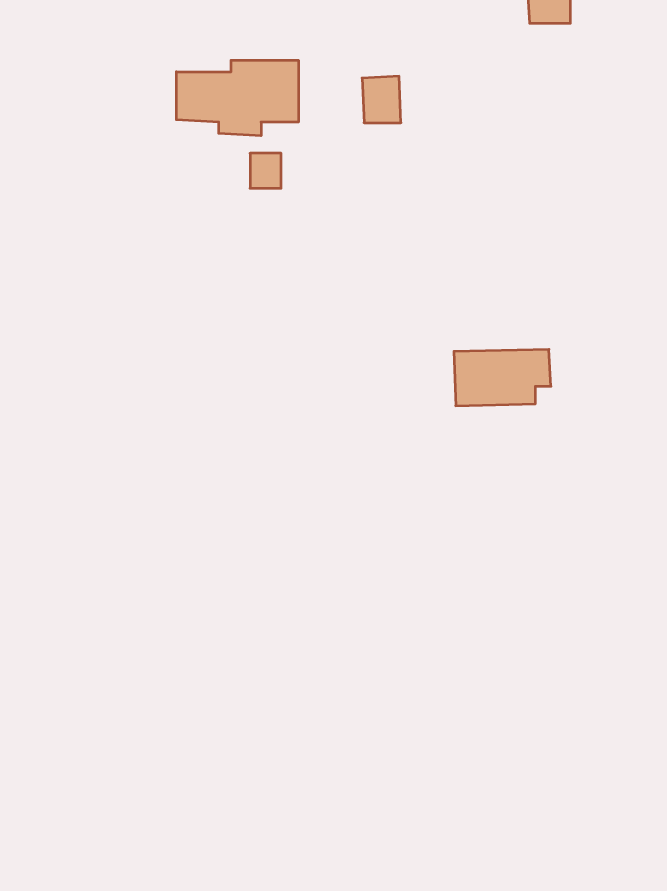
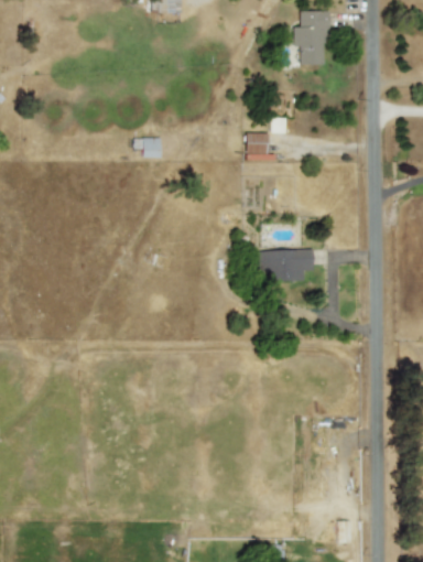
building: [176,60,298,136] -> none
building: [362,76,401,123] -> [246,132,268,159]

